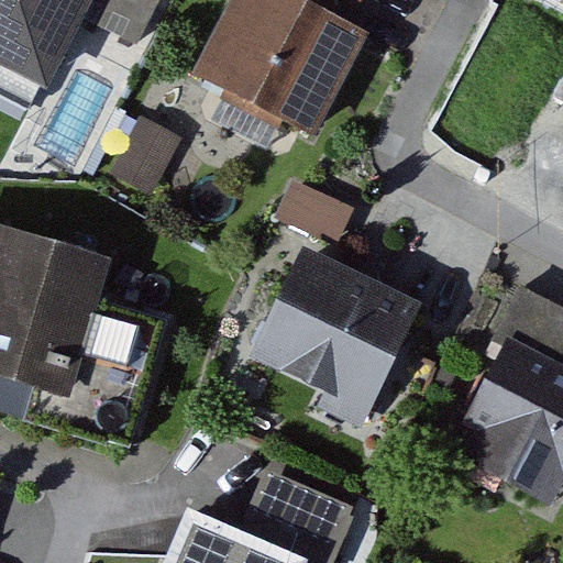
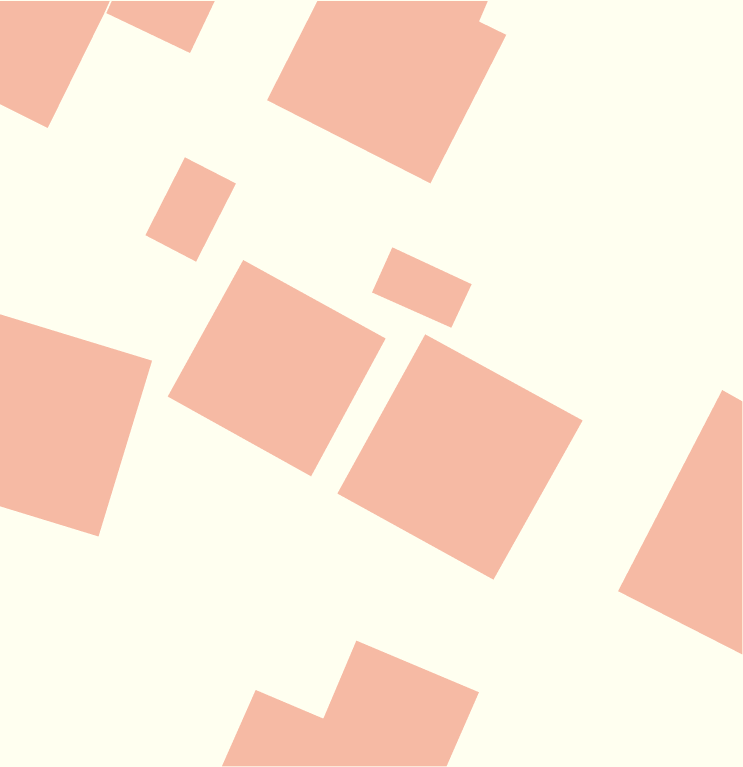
building: none -> [167,259,387,477]

